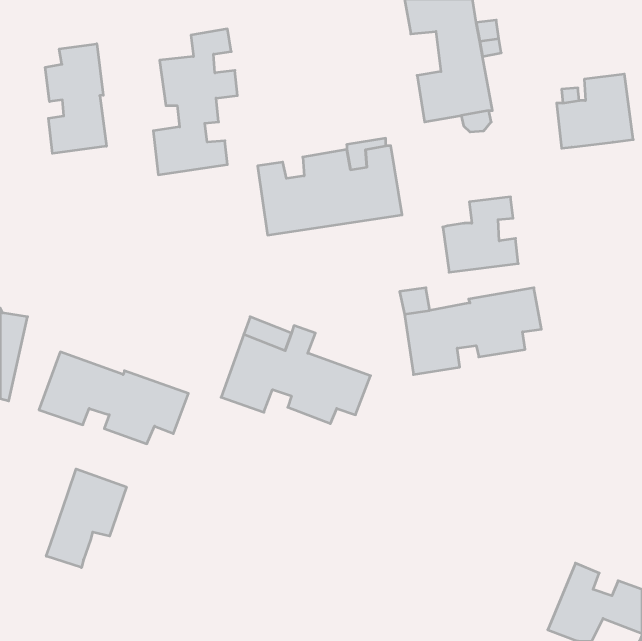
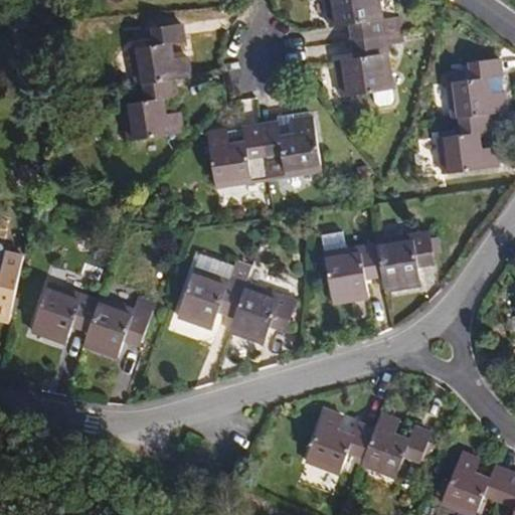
building: [45,44,106,153] -> none
building: [443,197,518,272] -> [437,114,497,174]
building: [46,469,126,568] -> none
building: none -> [305,409,432,479]

